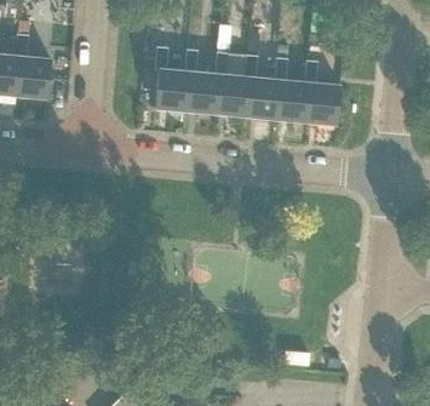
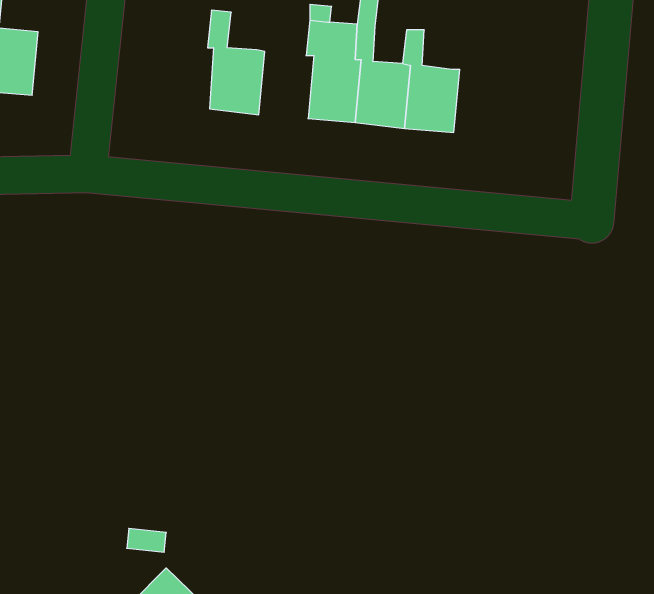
building: [184,50,219,113] -> none
building: [304,61,339,124] -> none

